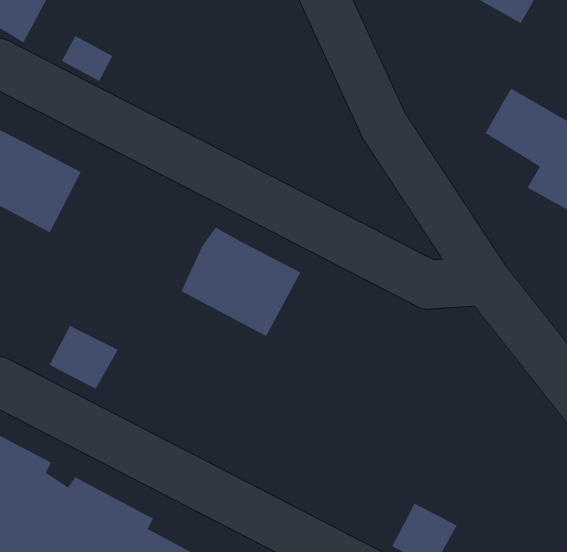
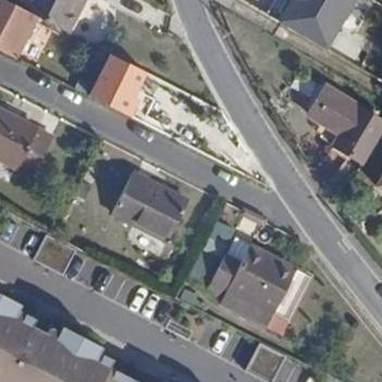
building: none -> [99,56,145,99]
building: none -> [211,236,299,329]

